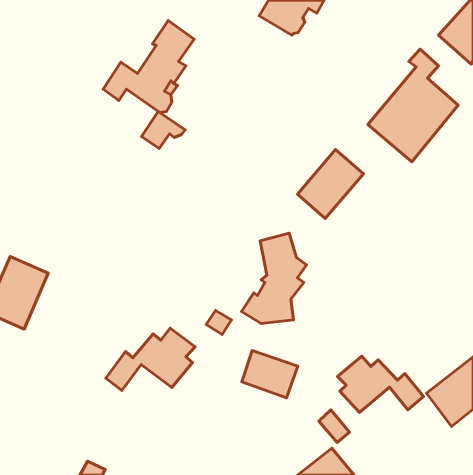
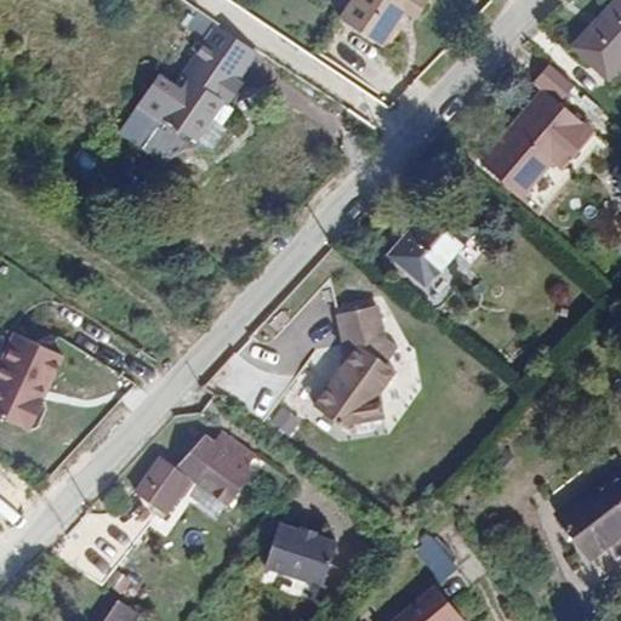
building: [141,111,185,149] -> [143,116,200,165]
building: [242,350,298,398] -> [260,529,332,591]
building: [337,356,423,412] -> none

